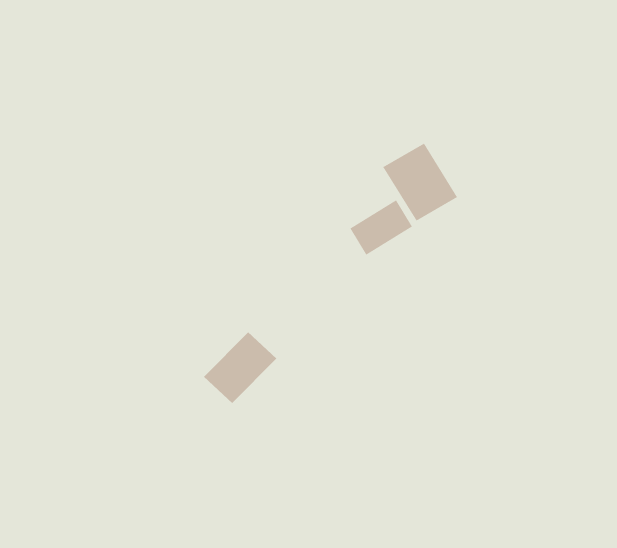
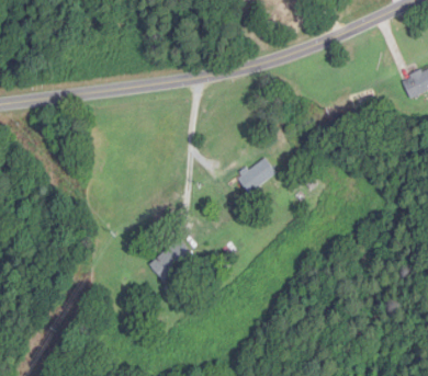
building: [383,143,458,222] -> none

